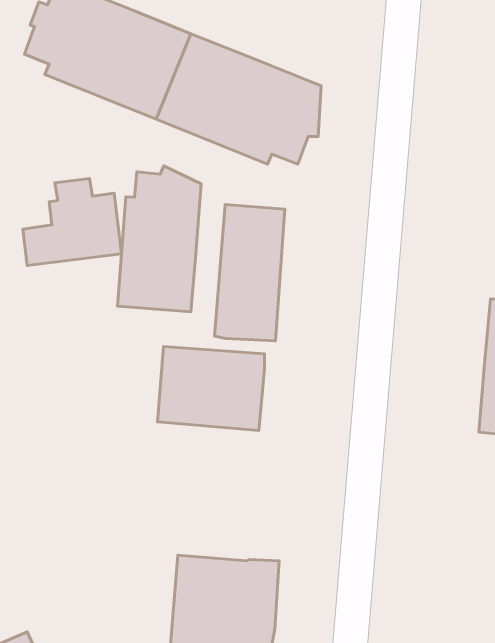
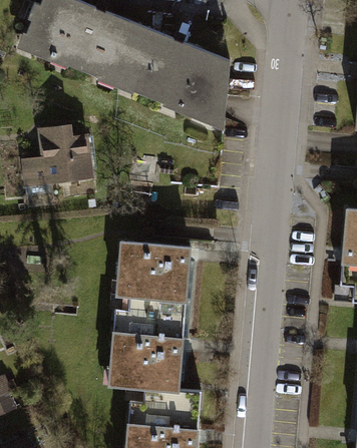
building: [117,166,201,312] -> none
building: [215,205,285,341] -> none
building: none -> [109,294,188,390]

